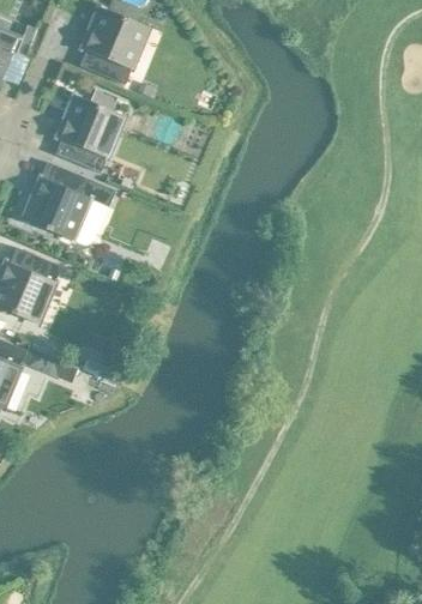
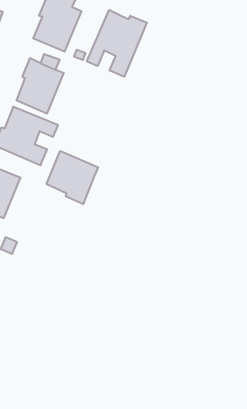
building: none -> [87,10,147,77]
building: none -> [47,151,98,204]

